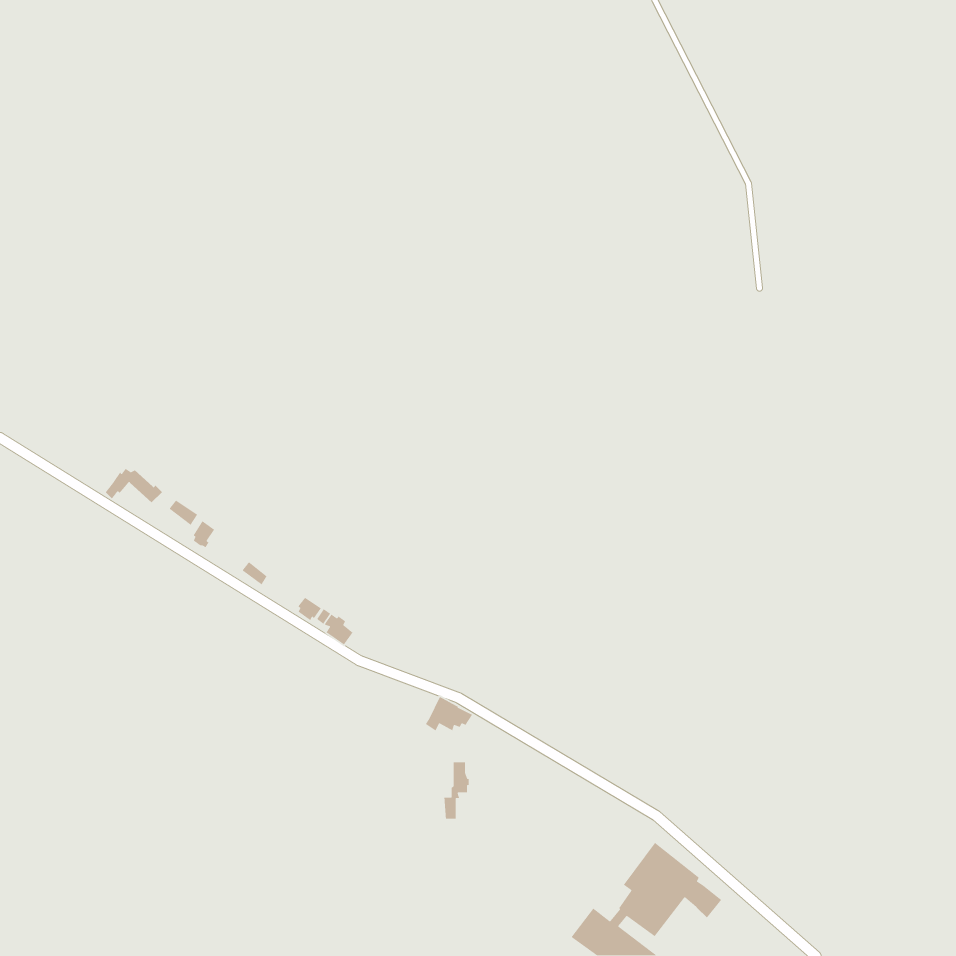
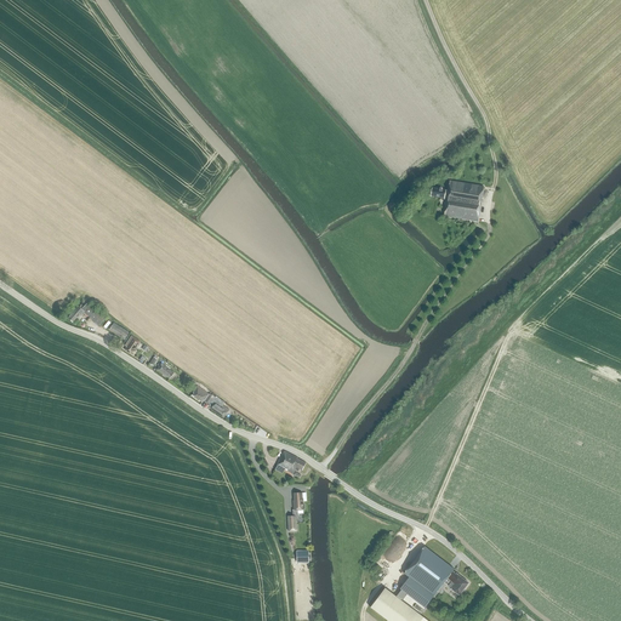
building: none -> [431,182,483,222]

